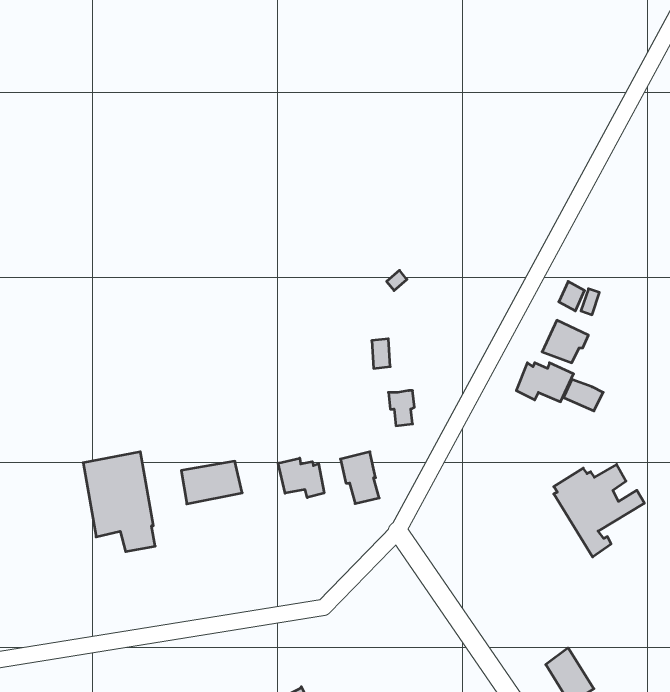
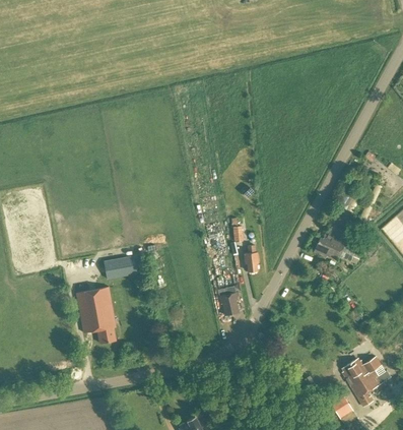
building: [278,458,324,498] -> none
building: [181,461,242,504] -> [105,256,138,280]
building: [554,464,644,557] -> [342,356,392,407]

